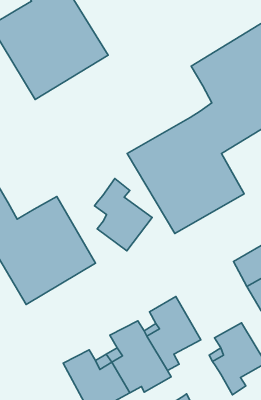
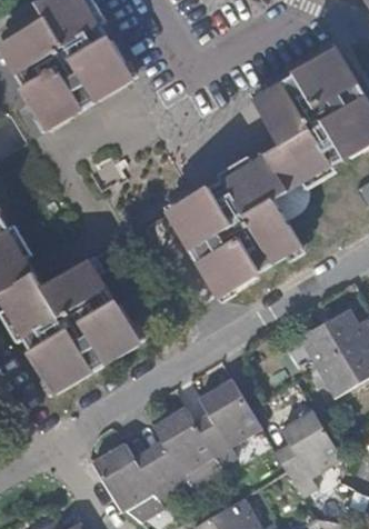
building: [94,178,152,251] -> none

